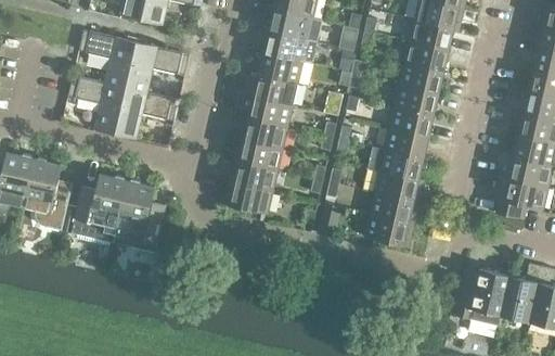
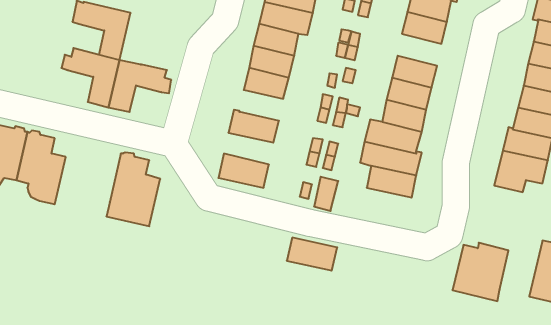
building: [126,41,190,92] -> none
building: [400,62,443,93] -> none
building: [244,117,287,148] -> none
building: [229,160,278,191] -> none
building: [72,174,127,242] -> none
building: [364,214,414,246] -> [287,238,337,271]
building: [501,263,543,321] -> none

